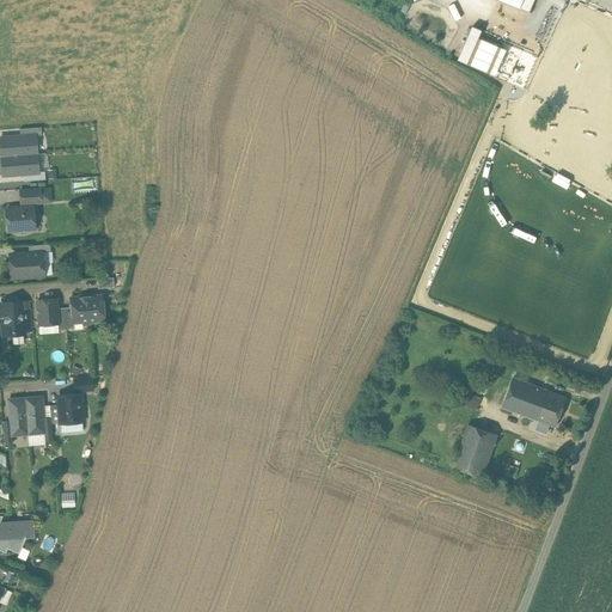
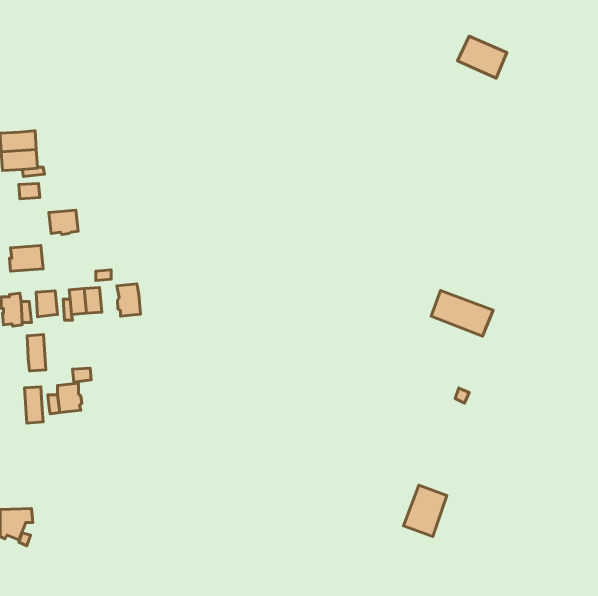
building: [5,206,35,231] -> [49,210,78,235]
building: none -> [117,284,140,316]
building: [503,379,567,426] -> [431,290,493,336]
building: [8,397,27,434] -> [27,335,46,371]
building: [452,423,496,476] -> [404,485,447,536]

